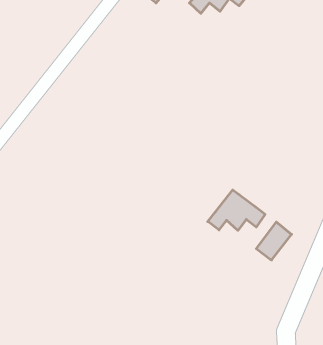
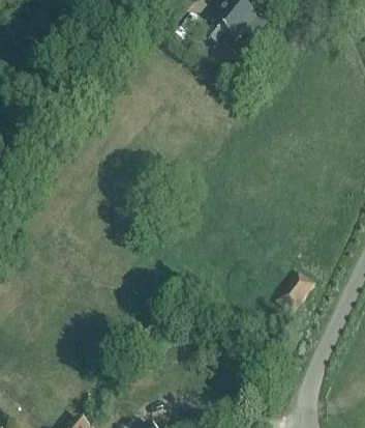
building: [208,190,265,230] -> none

